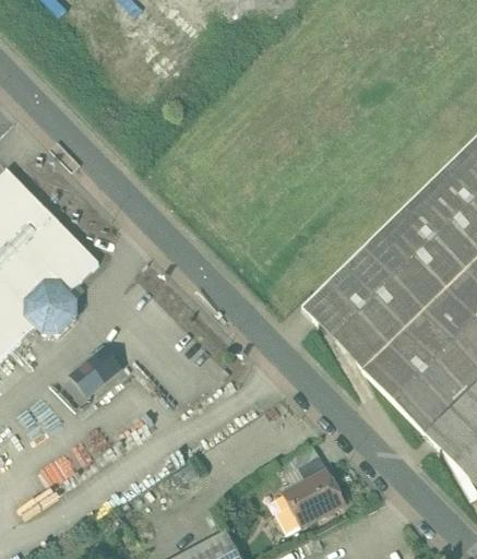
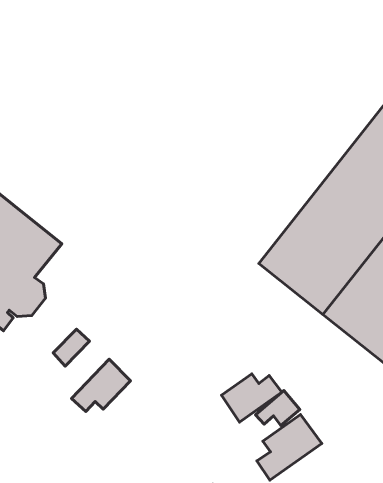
building: none -> [71,359,131,412]
building: none -> [221,374,282,422]

